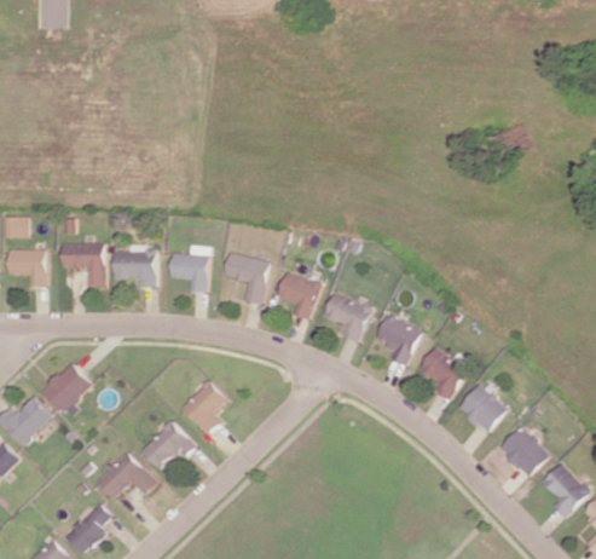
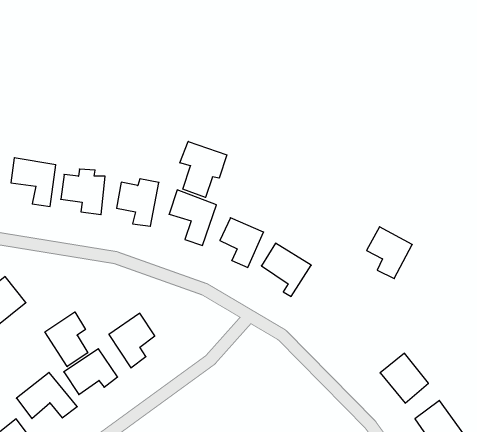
building: none -> [180,141,227,197]
building: [375,316,419,365] -> [367,227,412,279]
building: [417,347,467,399] -> none
building: none -> [45,312,88,367]

